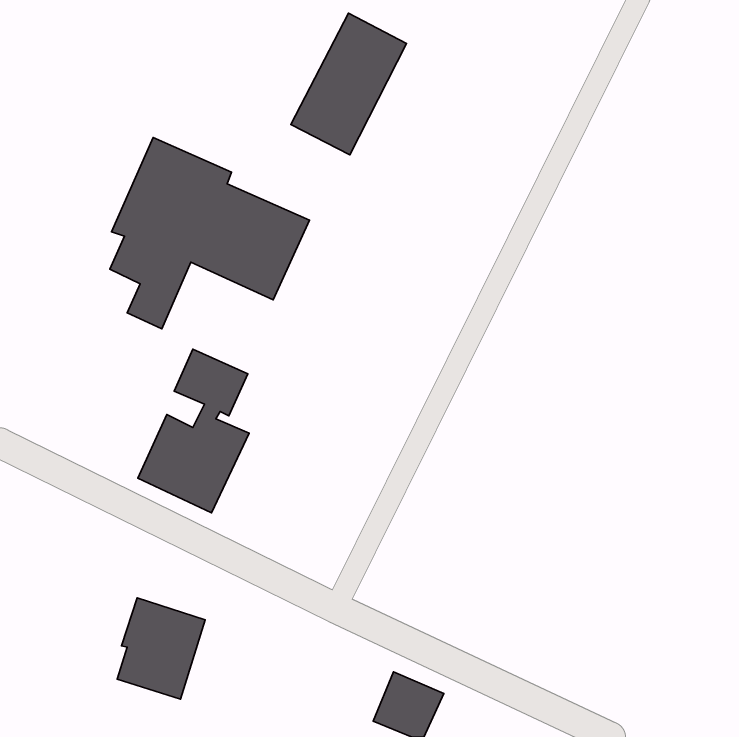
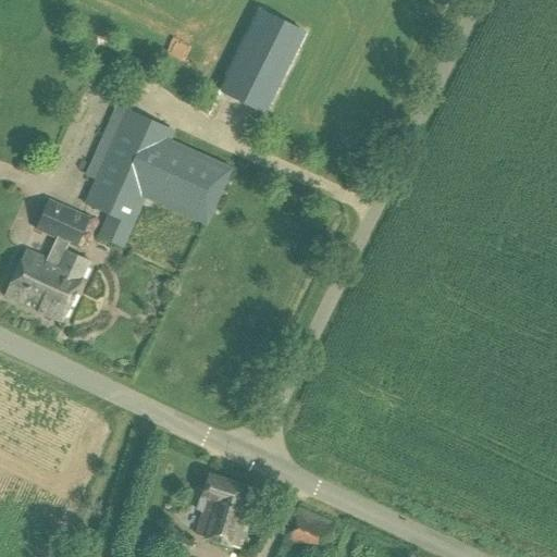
building: [138,349,249,513] -> [7,197,90,320]
building: [117,598,205,699] -> [194,472,260,548]

